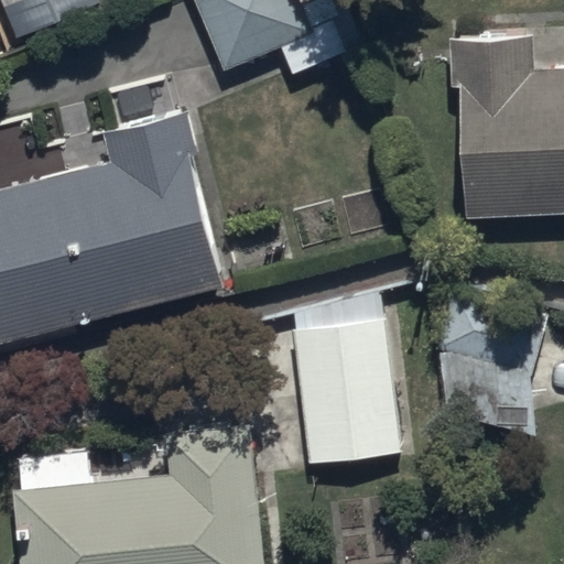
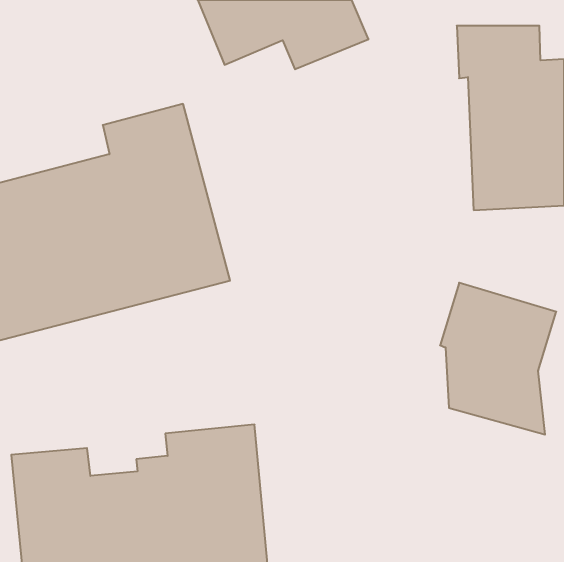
building: [291,291,404,466] -> none

